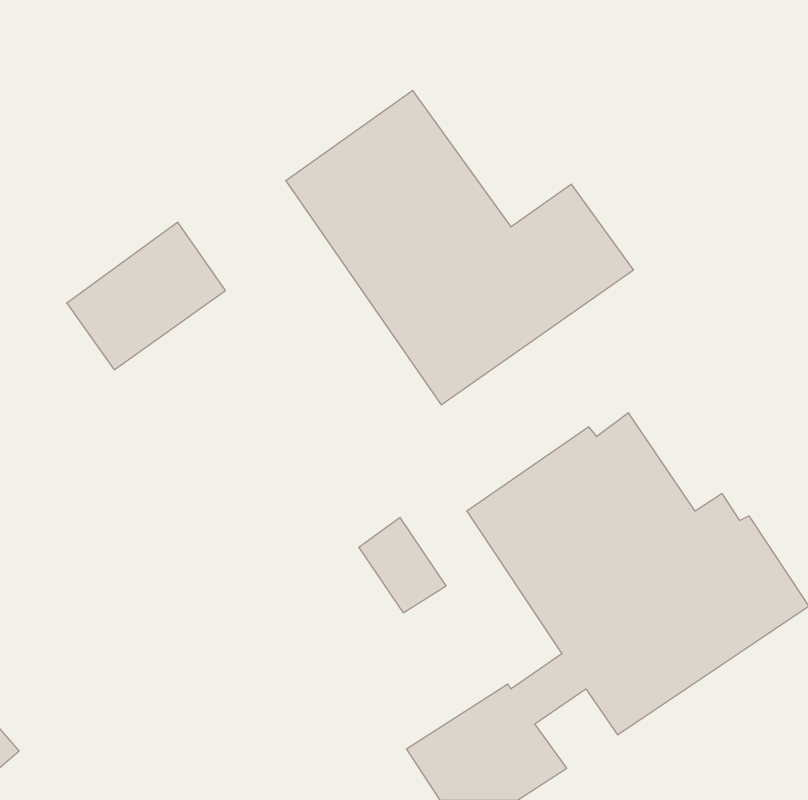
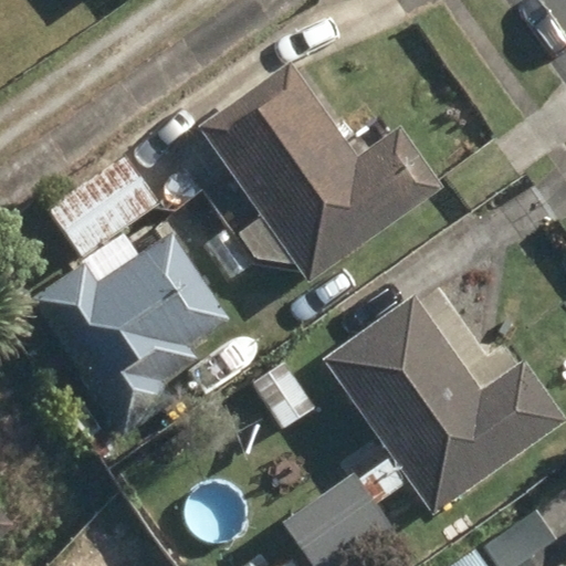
building: none -> [32,234,229,434]

